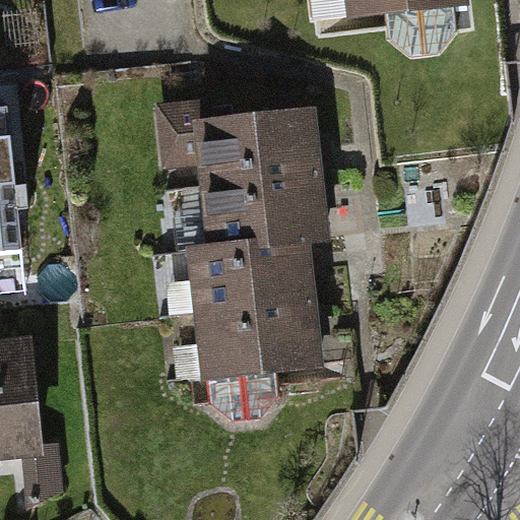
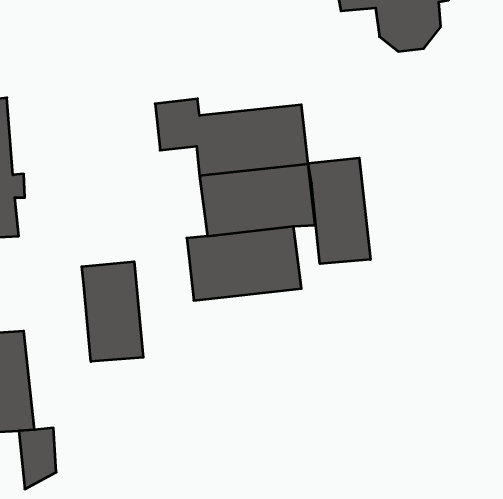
building: none -> [308,158,370,264]
building: none -> [82,262,143,362]
building: [199,297,316,415] -> none

